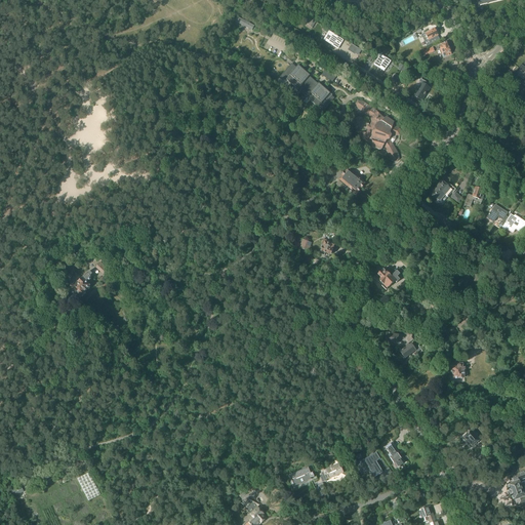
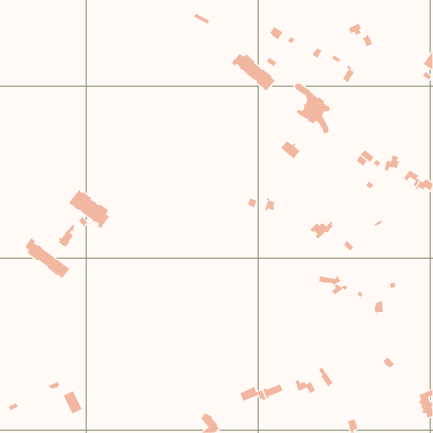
building: none -> [68,189,110,229]
building: none -> [25,237,70,279]

